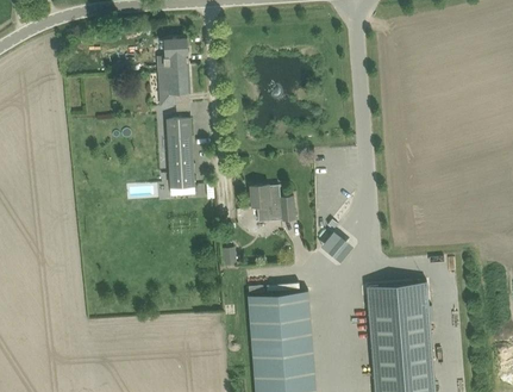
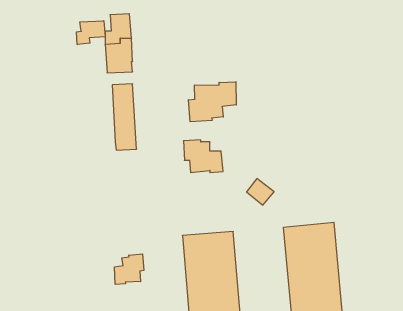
building: none -> [76,21,105,45]
building: none -> [189,82,236,122]
building: none -> [114,254,144,284]

